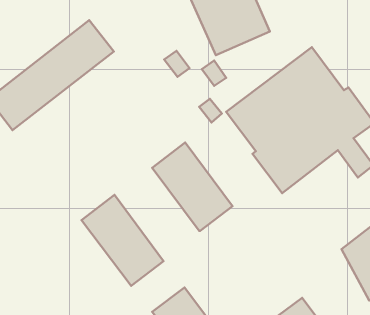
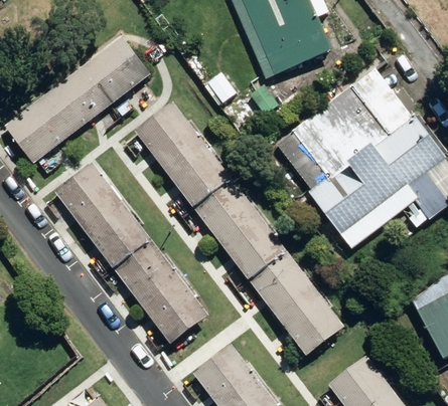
building: none -> [136,101,232,208]
building: none -> [54,164,150,268]
building: none -> [248,252,343,356]

